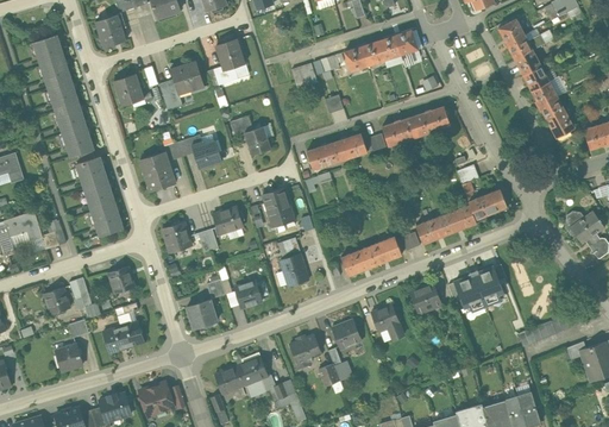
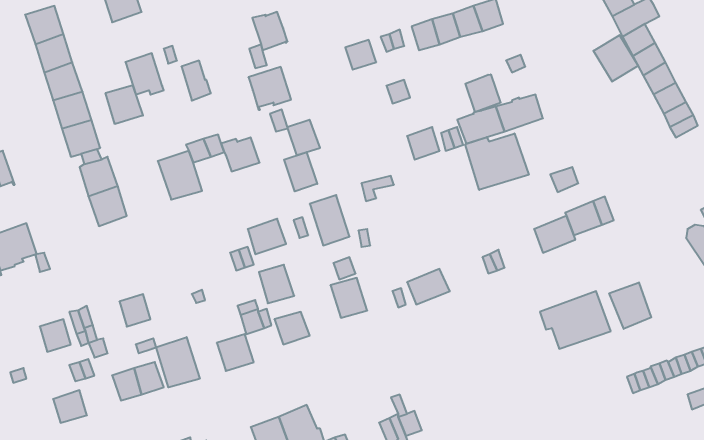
building: none -> [593,35,638,82]
building: [169,61,203,95] -> [248,67,291,110]
building: none -> [465,74,501,112]
building: none -> [106,85,143,124]
building: none -> [465,133,529,190]
building: [306,140,346,170] -> none
building: none -> [284,152,317,191]
building: [92,205,123,237] -> none
building: [415,215,450,245] -> none
building: [162,222,190,253] -> [259,265,294,303]
building: [366,237,401,265] -> none
building: none -> [609,282,651,329]
building: [409,283,441,314] -> none
building: none -> [156,337,200,387]
building: [370,304,403,340] -> none
building: [331,320,362,350] -> none
building: [289,337,320,366] -> none

